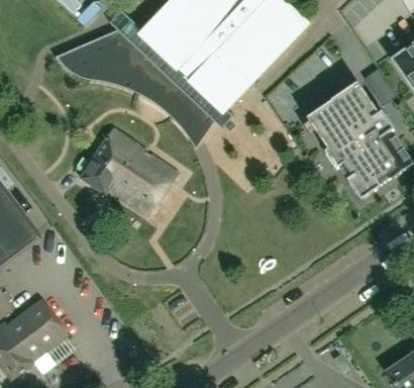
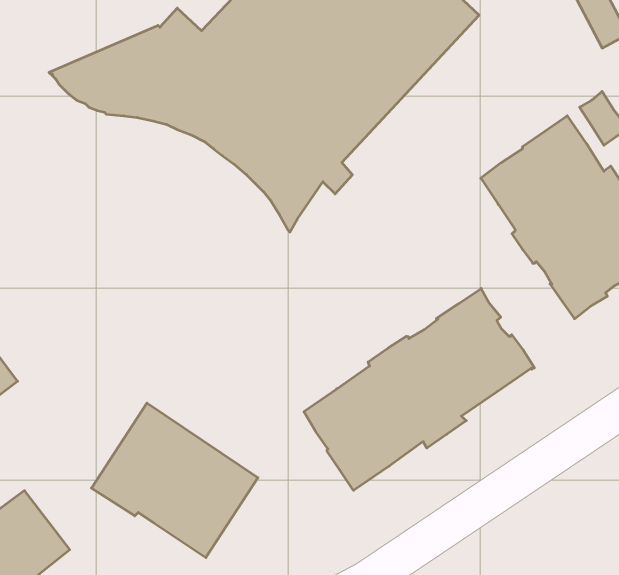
building: [80,126,177,216] -> [91,403,258,558]
building: none -> [304,288,534,490]

